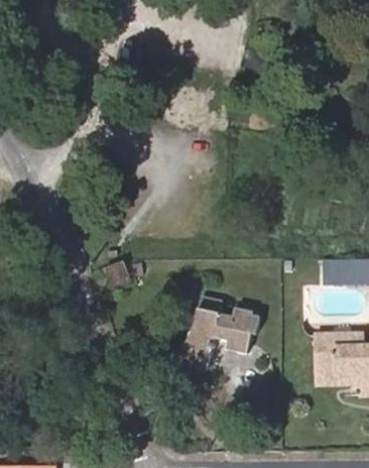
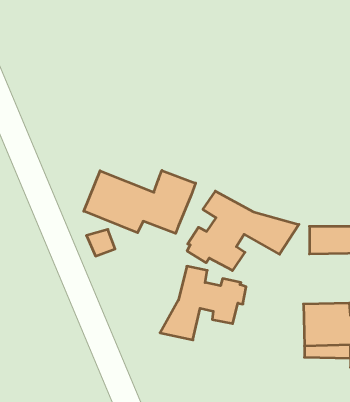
building: none -> [84,170,196,233]
building: none -> [187,191,299,271]

